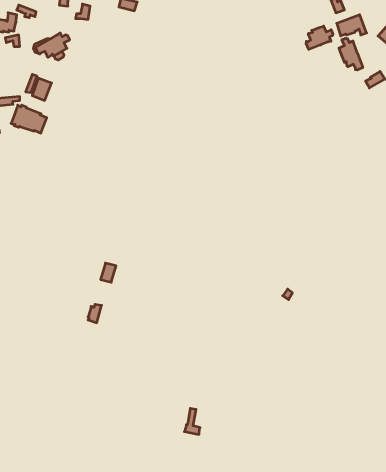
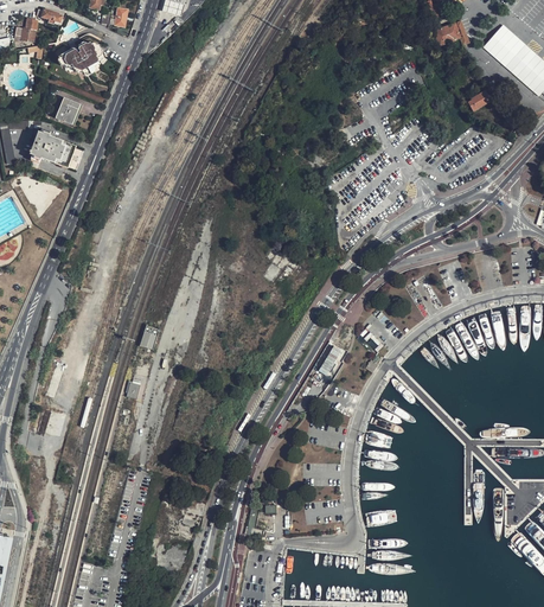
building: [306,26,333,49] -> none
building: [339,38,363,70] -> none

